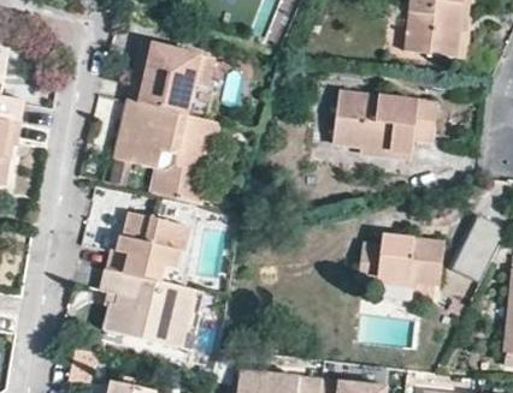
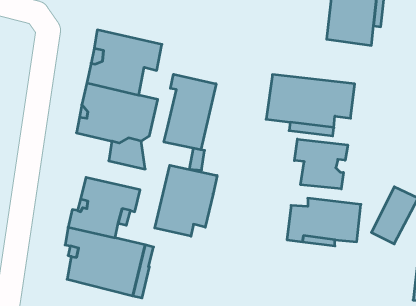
building: none -> [164,74,216,150]
building: none -> [294,139,348,189]
building: none -> [155,165,217,236]

